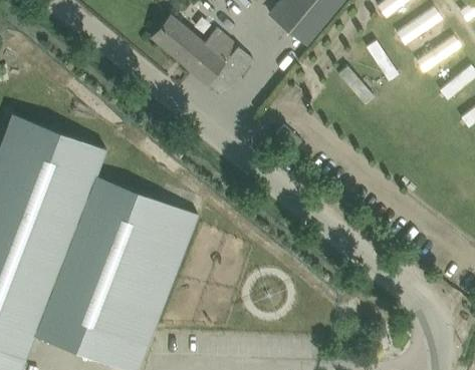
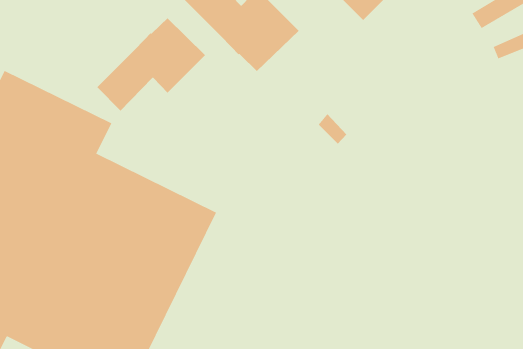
building: none -> [96,17,206,112]

